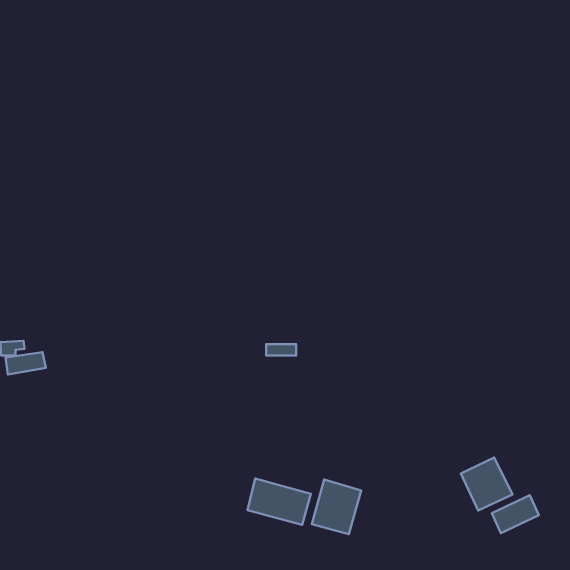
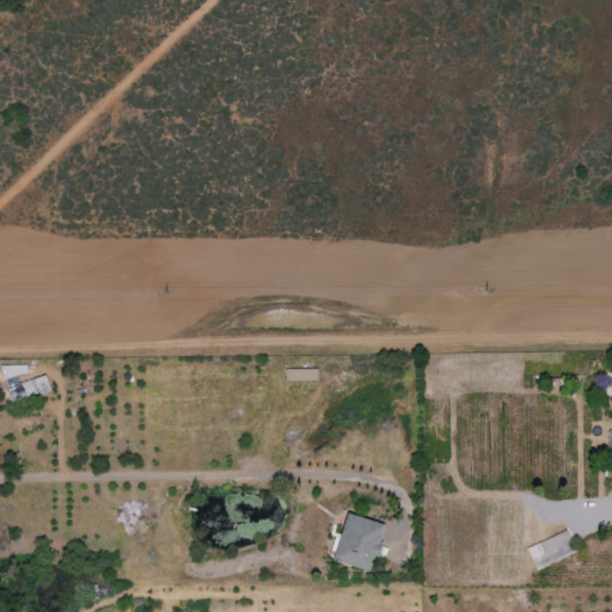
building: [461,458,512,510] -> none
building: [248,478,311,525] -> none

